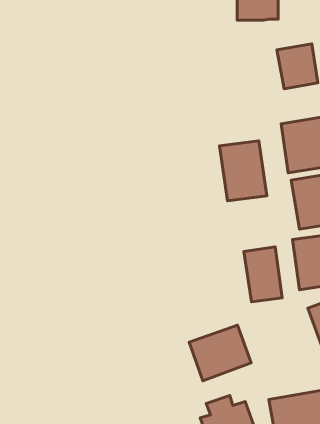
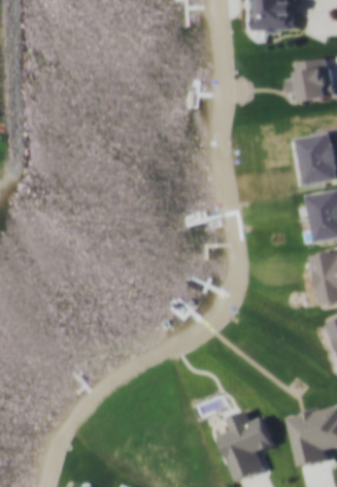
building: [220,141,267,201] -> none
building: [244,247,282,302] -> none
building: [189,325,251,381] -> none

